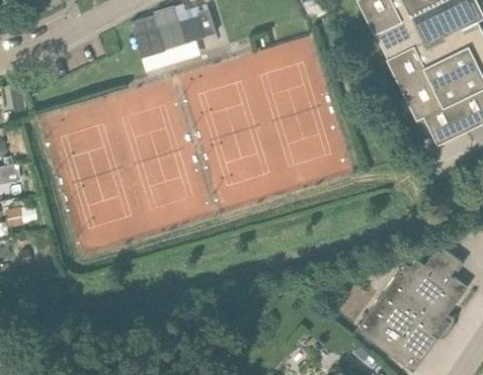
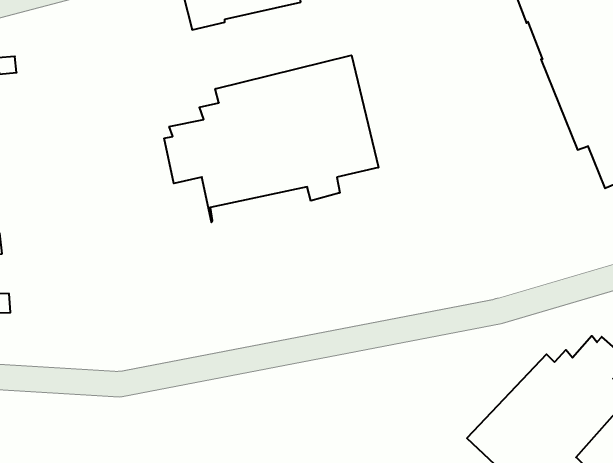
building: none -> [164,55,378,222]

